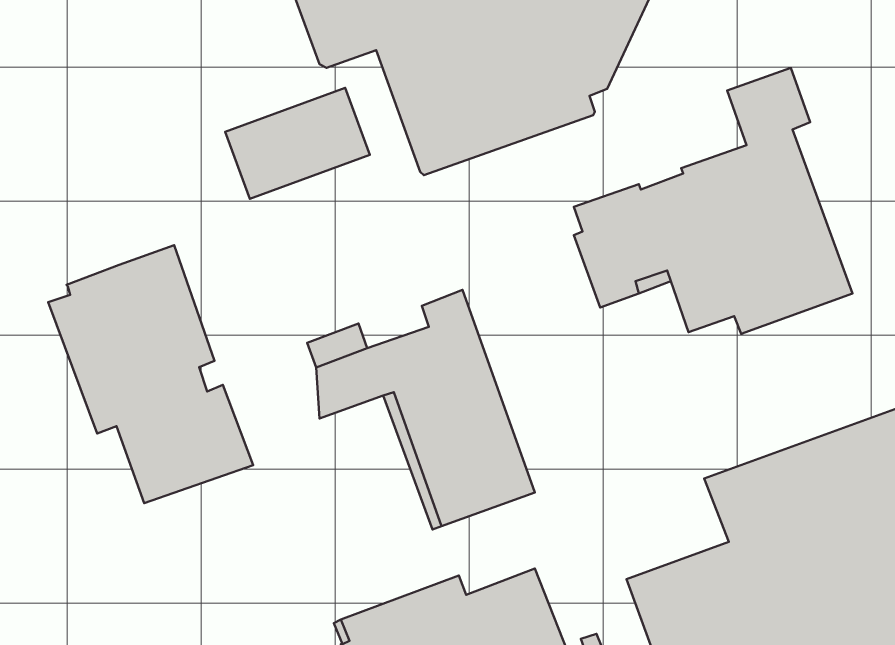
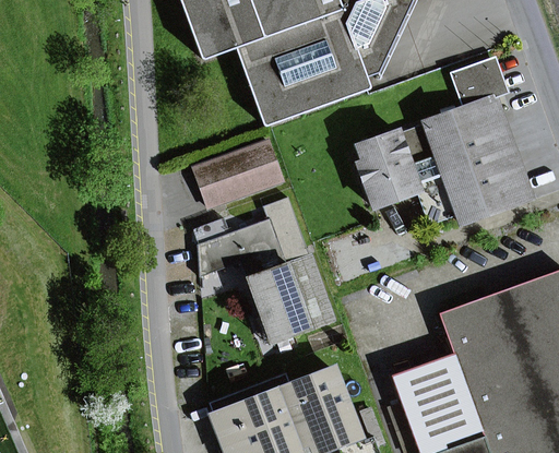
building: [225,88,370,199] -> [194,140,284,208]
building: [48,245,253,503] -> none

